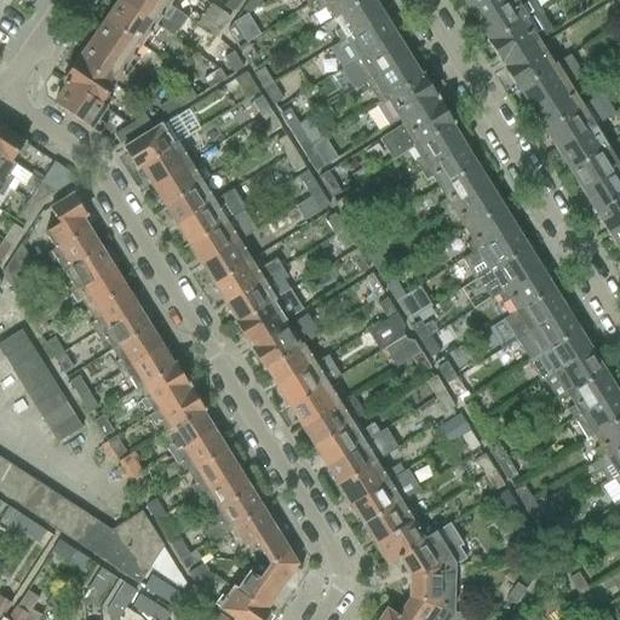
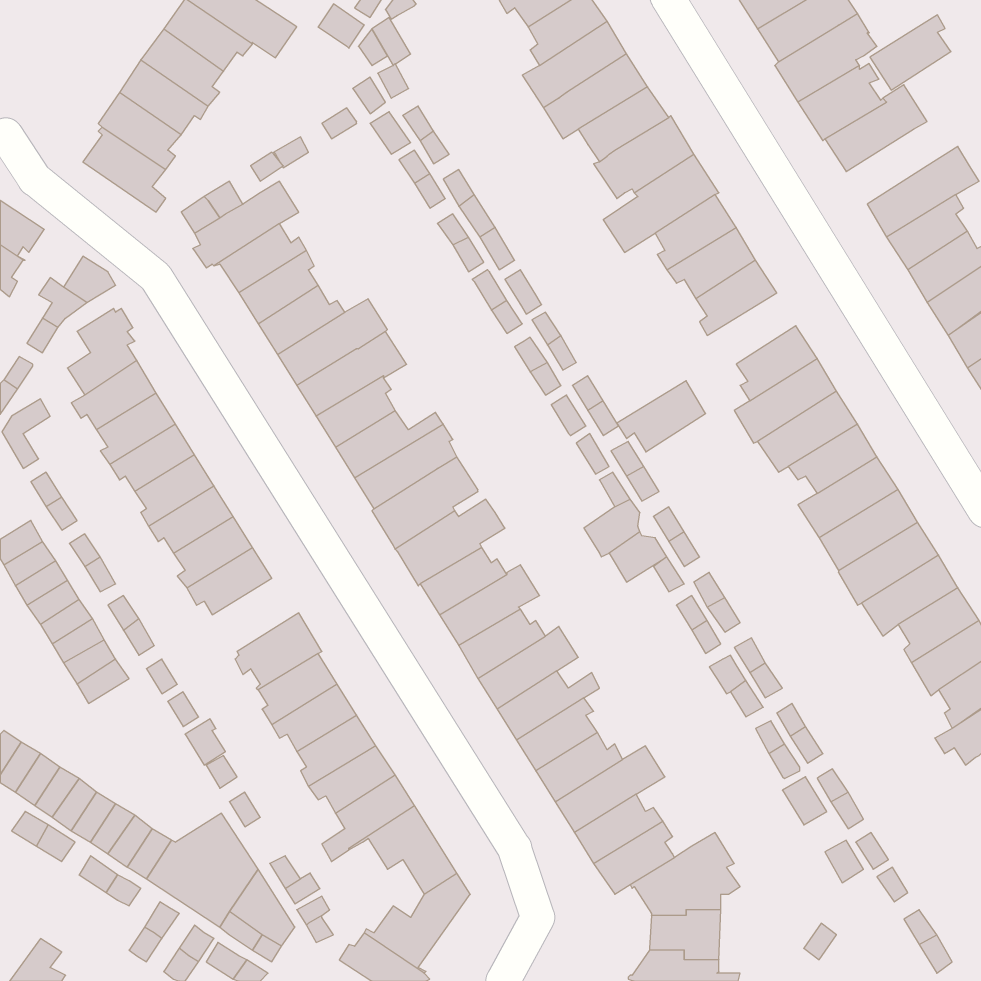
building: [534,81,585,128] -> [870,15,951,90]
building: [447,184,503,229] -> [617,381,706,452]
building: [136,362,190,409] -> none

